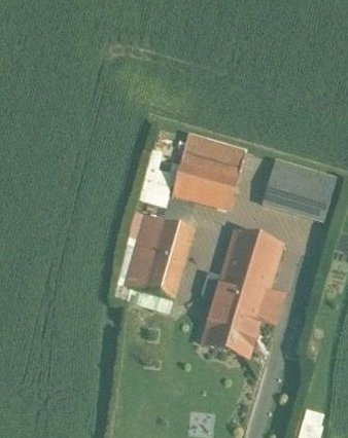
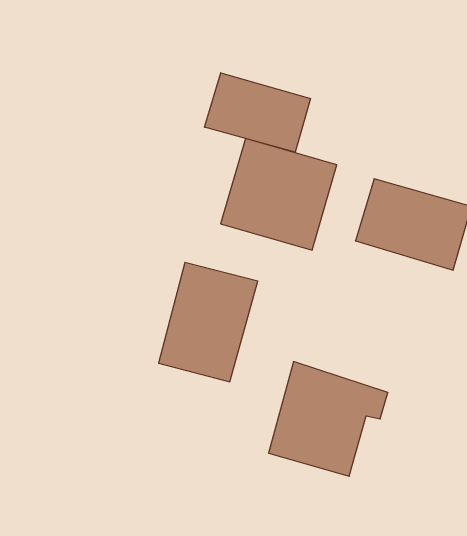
building: none -> [205,73,311,152]
building: [217,229,284,301] -> none

